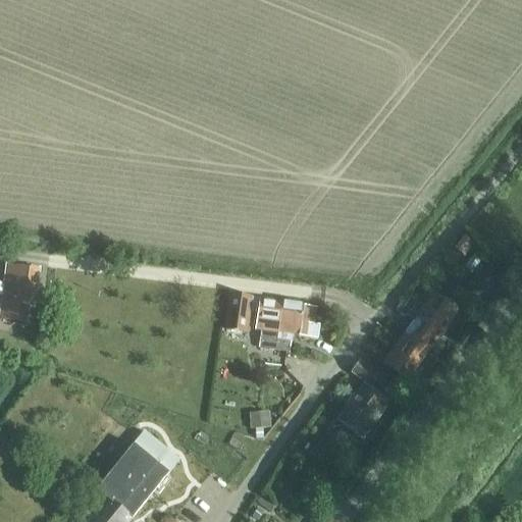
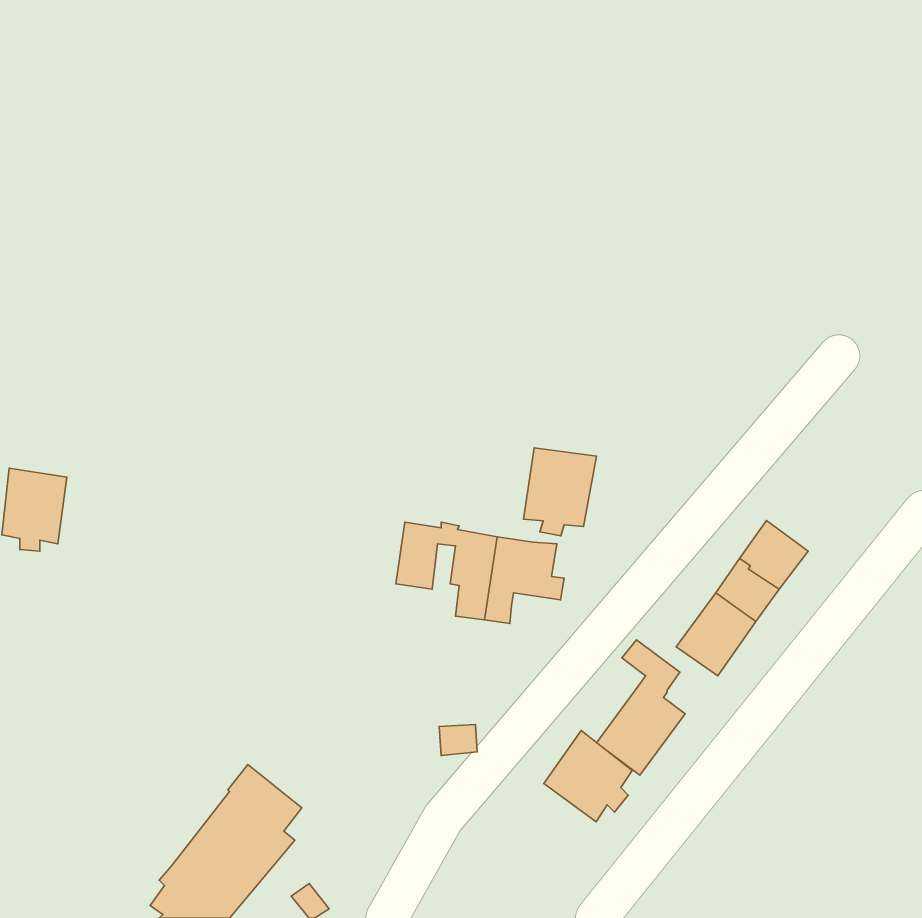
building: none -> [523,448,596,536]
building: none -> [544,731,632,822]

